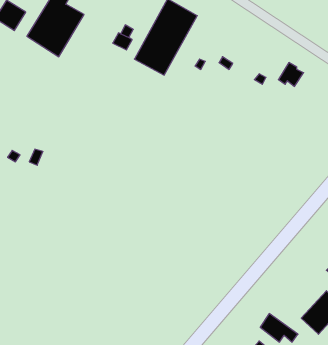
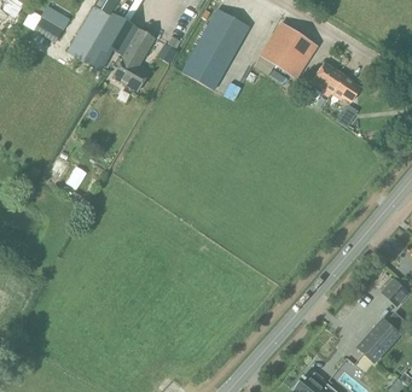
building: none -> [260,22,315,76]
building: none -> [112,28,155,90]
building: none -> [313,62,344,93]

